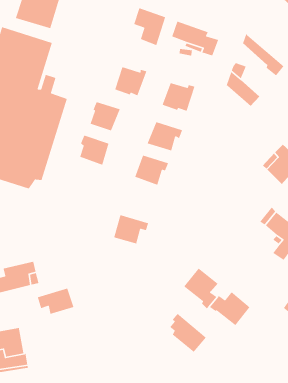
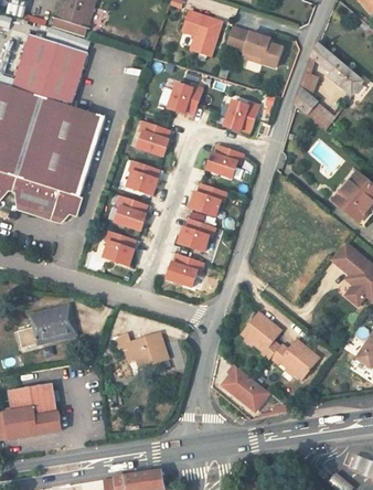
building: none -> [111,193,147,230]
building: none -> [173,215,215,257]
building: none -> [98,227,136,265]
building: [37,287,75,315] -> [124,334,168,366]

